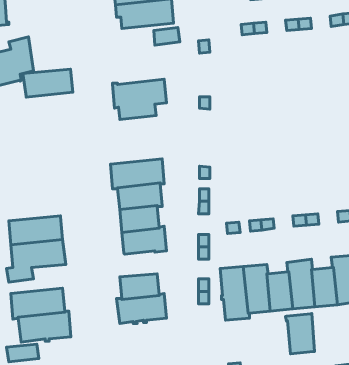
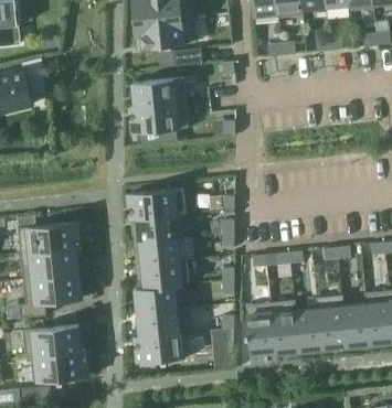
building: [23,69,73,97] -> [133,78,186,108]
building: none -> [17,222,80,254]
building: none -> [136,286,178,313]
building: [285,314,314,354] -> none

